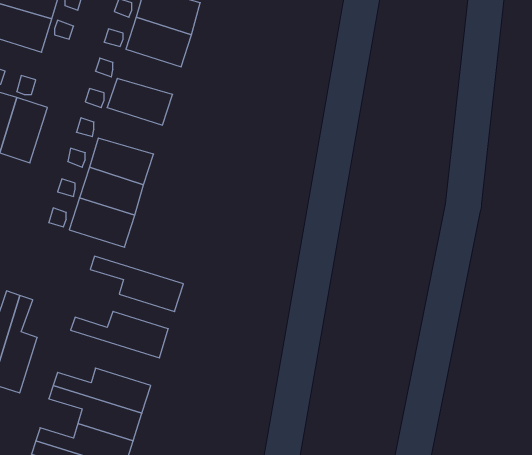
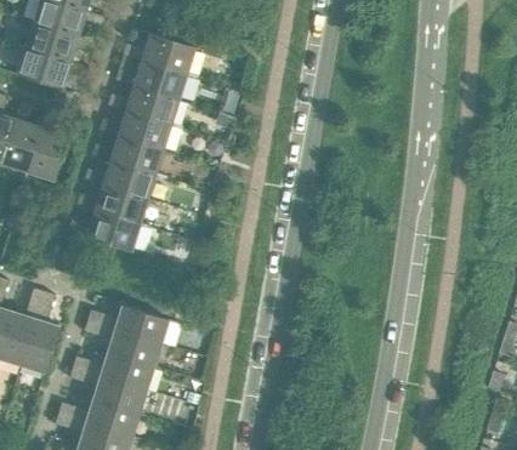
building: none -> [125,87,178,125]
building: none -> [109,136,163,175]
building: [90,256,183,312] -> [83,321,160,368]

